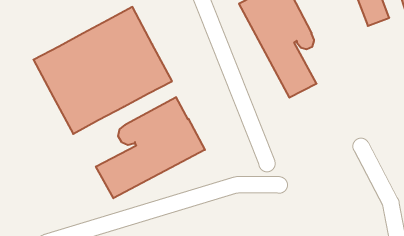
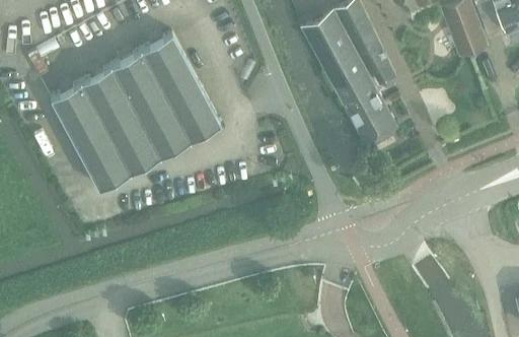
building: [96,97,205,198] -> none

